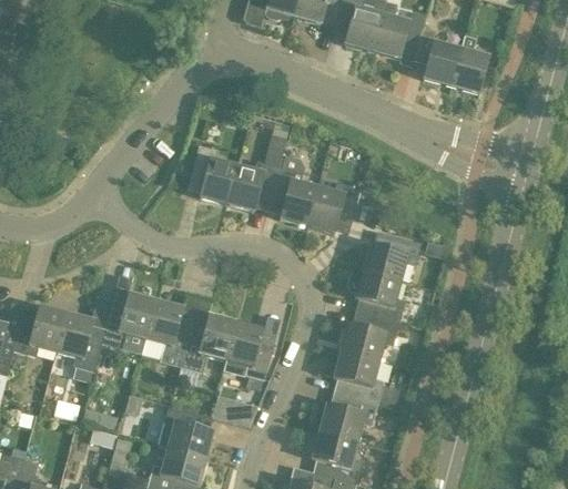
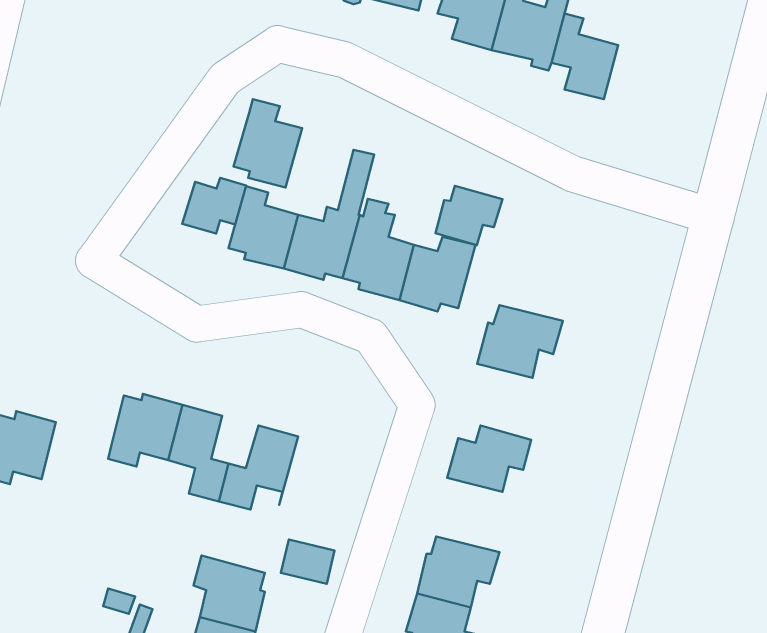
building: [450,34,488,93] -> none
building: none -> [234,99,302,187]
building: none -> [182,178,246,233]
building: none -> [436,186,502,245]
building: [353,271,406,324] -> none
building: [57,312,105,370] -> none
building: [223,322,275,380] -> none
building: [333,350,399,407] -> none

